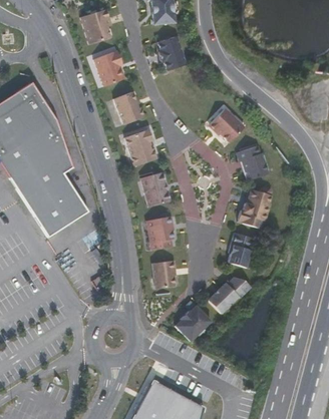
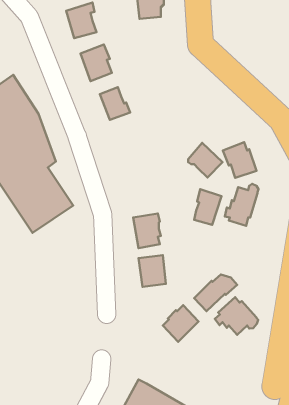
building: [156,36,185,70] -> none
building: [210,107,244,141] -> [188,143,223,178]
building: [124,128,155,165] -> none
building: [138,171,169,206] -> none
building: [227,232,254,267] -> [194,189,221,225]
building: none -> [215,297,258,335]

